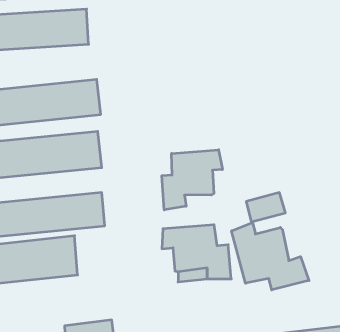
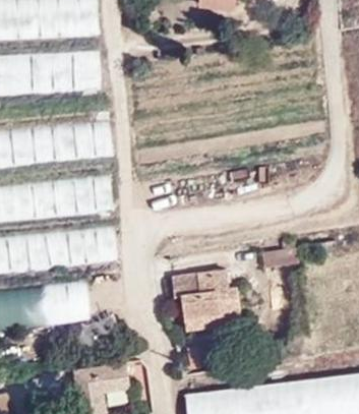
building: [162,150,222,210] -> none
building: [232,222,309,290] -> none

